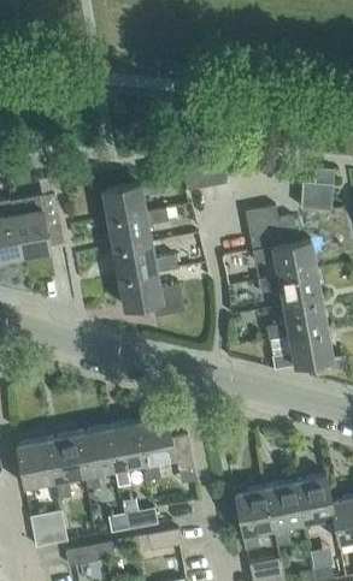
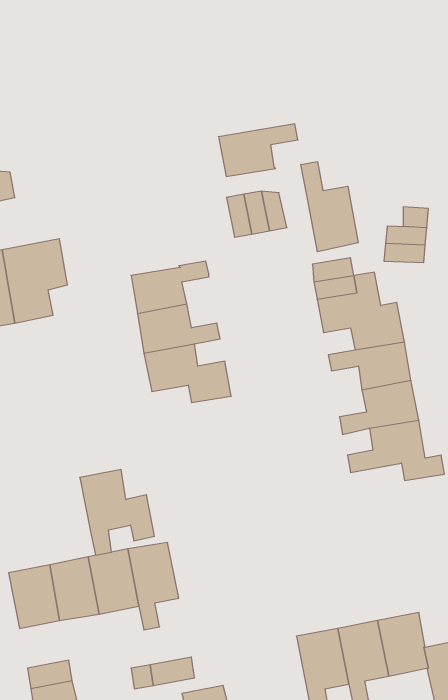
building: none -> [301,162,358,252]
building: [102,180,163,220] -> [218,124,298,176]
building: [136,416,193,481] -> [80,469,154,555]

